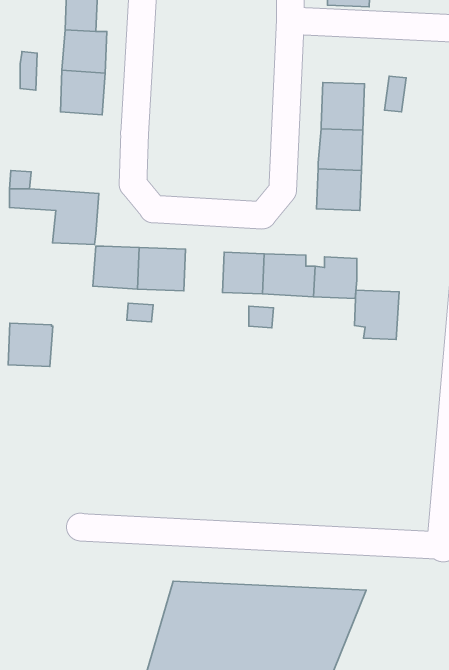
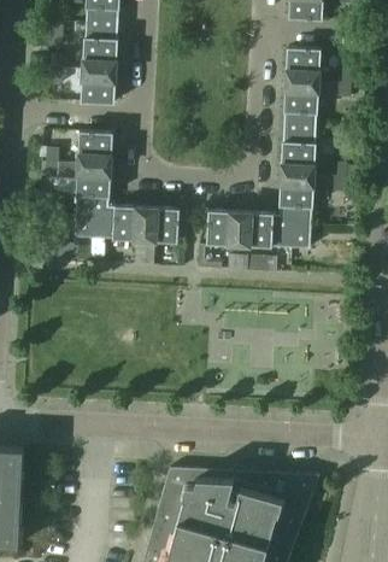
building: none -> [284,48,319,81]
building: none -> [76,133,111,166]
building: [354,290,399,340] -> [278,178,313,217]
building: [8,323,53,366] -> [72,205,107,239]

